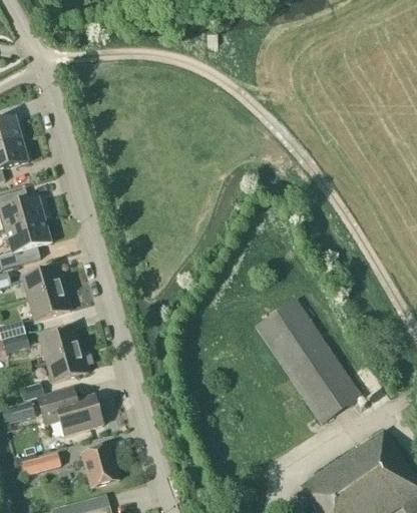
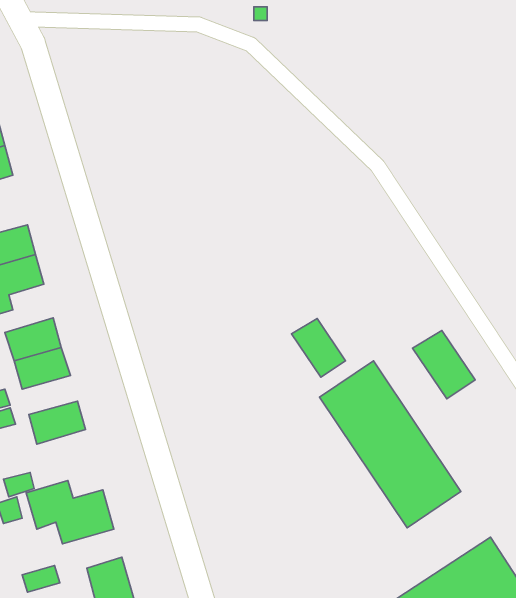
building: none -> [292,318,346,377]
building: none -> [412,330,475,399]
building: [45,350,87,382] -> none

